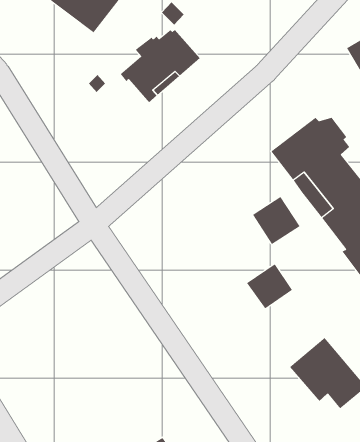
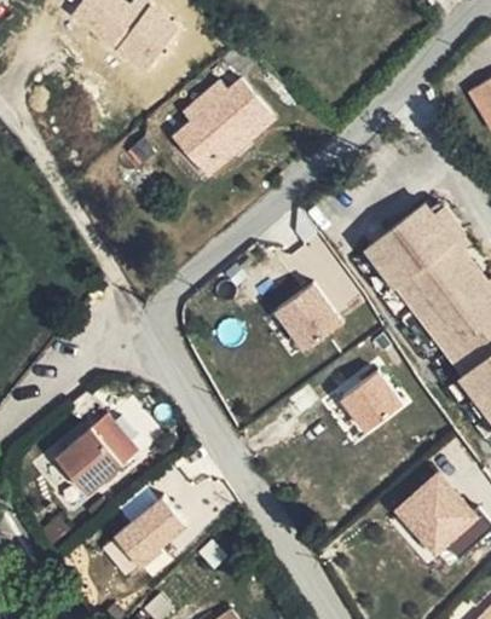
building: [252,196,301,245] -> [272,290,335,353]
building: none -> [50,418,132,499]
building: none -> [112,501,183,568]

